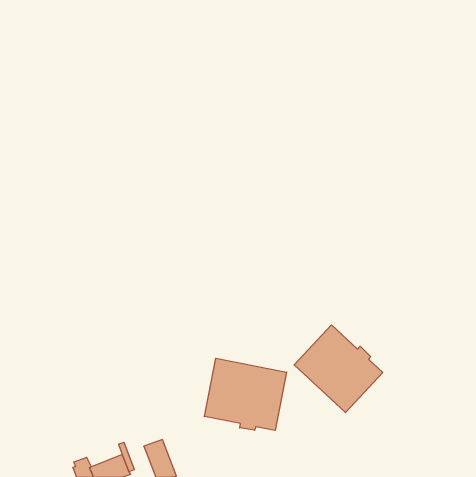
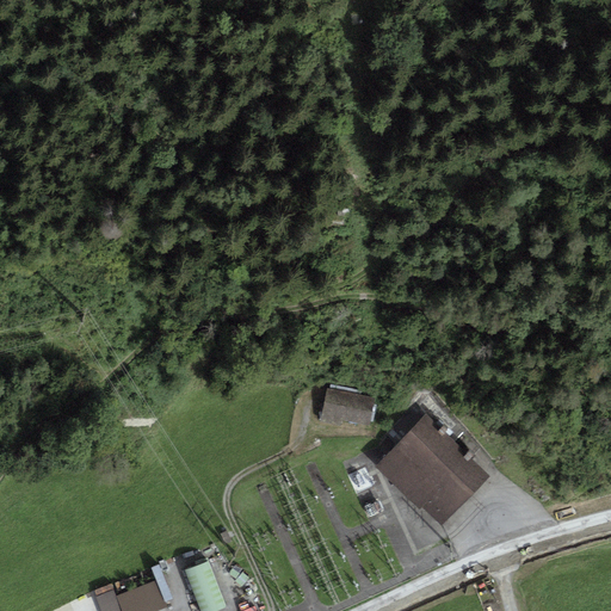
building: none -> [319,389,375,426]
building: [204,358,287,430] -> none

